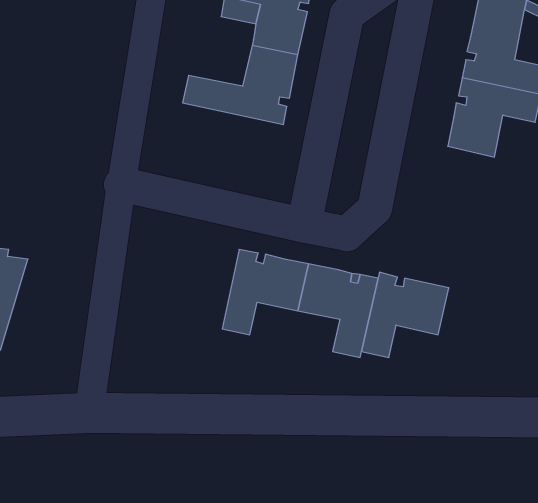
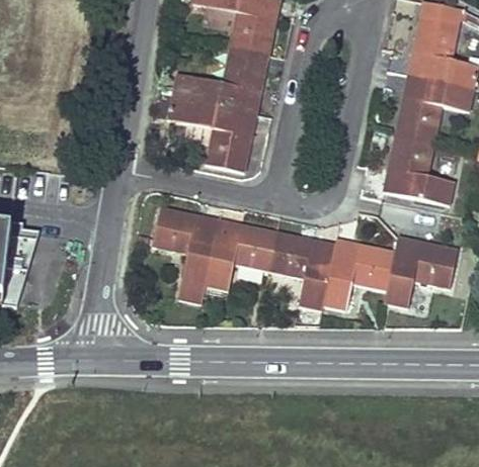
building: none -> [167,95,256,172]
building: none -> [383,131,454,205]
building: none -> [152,206,219,303]
building: none -> [384,235,458,307]

